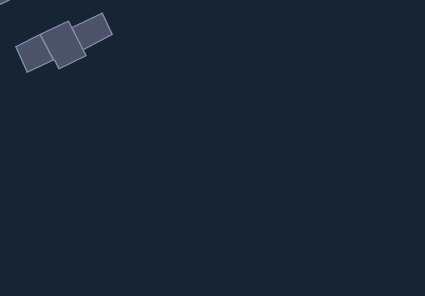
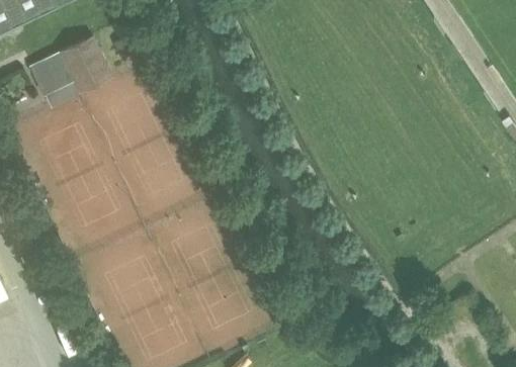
building: [72,13,112,50] -> none

